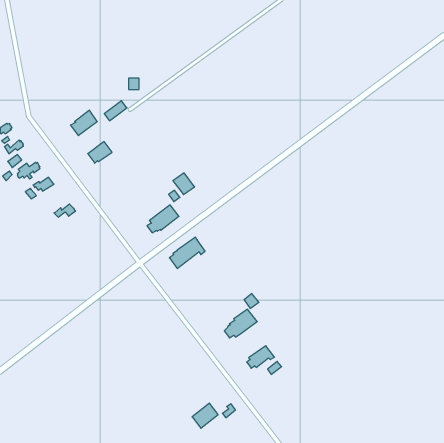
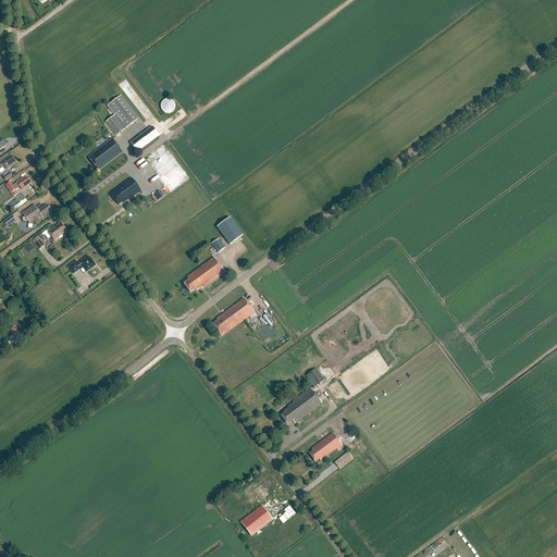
building: none -> [106,95,139,135]

